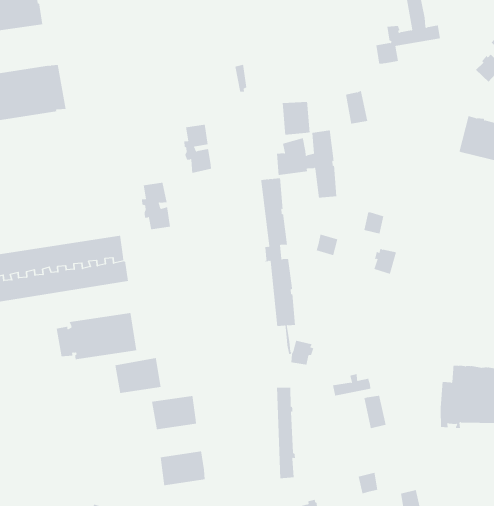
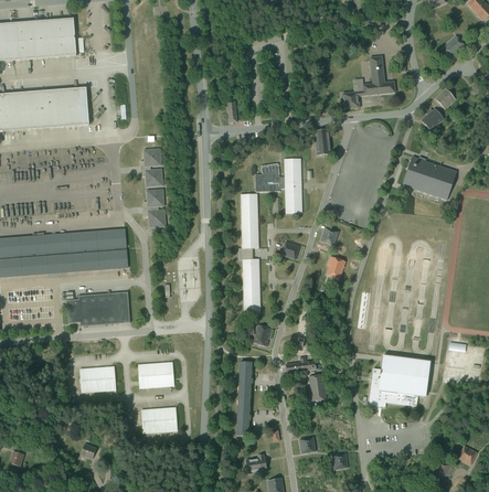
building: [282,101,310,135] -> none
building: [183,124,212,173] -> [141,148,162,186]
building: [114,357,162,393] -> [79,365,116,392]

